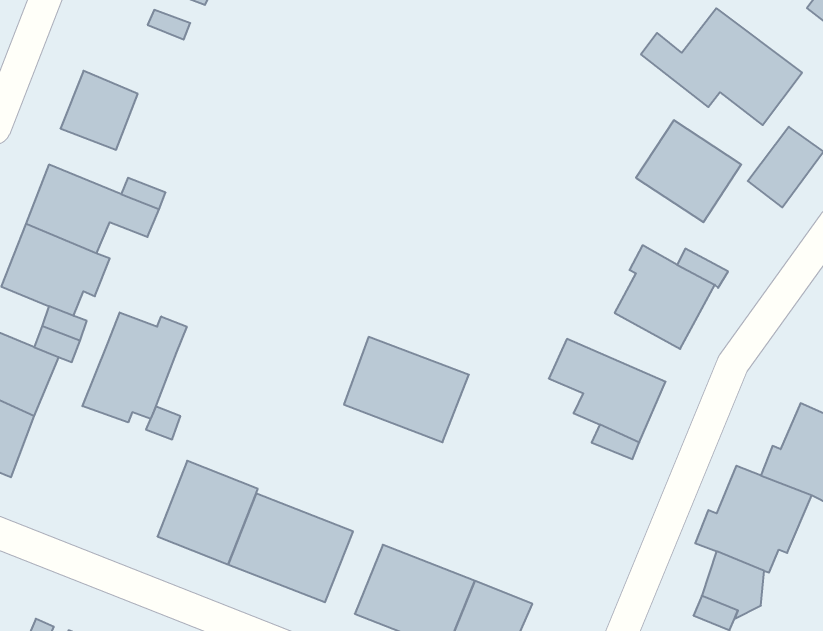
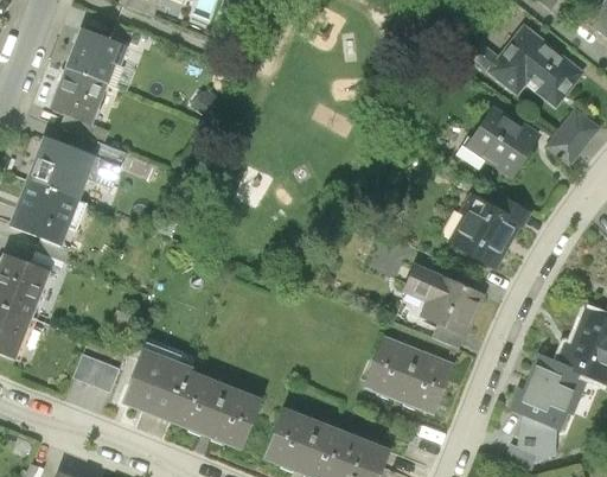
building: none -> [66,27,127,84]
building: [82,312,187,422] -> none
building: [344,337,469,442] -> [364,336,454,412]
building: none -> [72,352,120,393]

